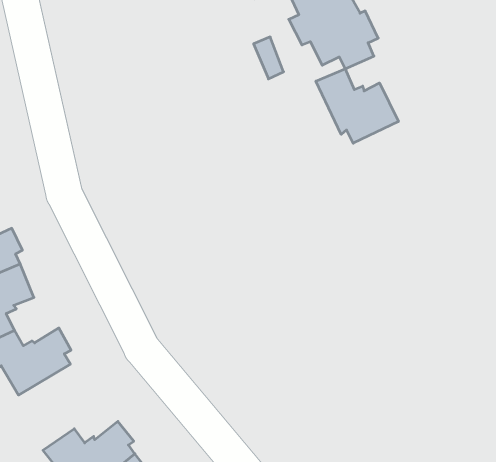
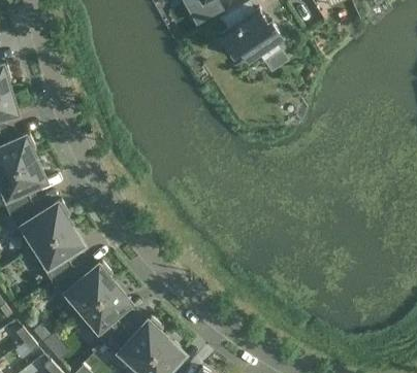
building: [316,69,398,143] -> none
building: none -> [82,284,128,344]

